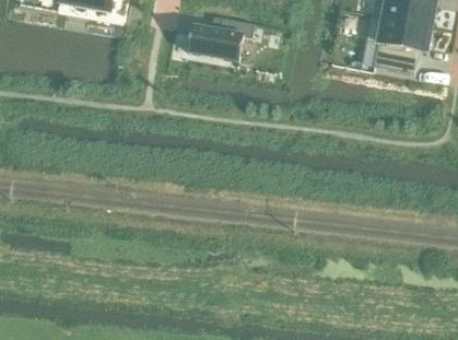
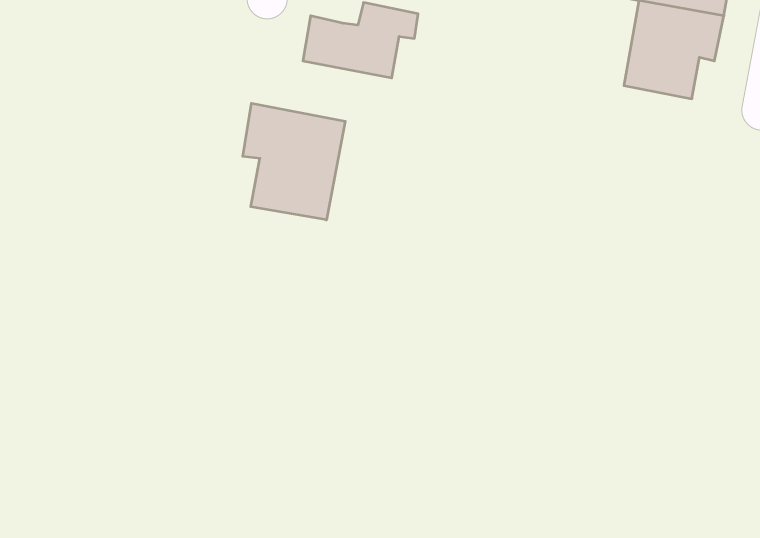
building: none -> [243,103,345,220]

